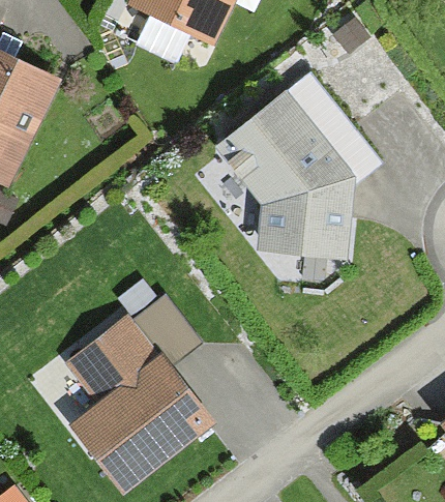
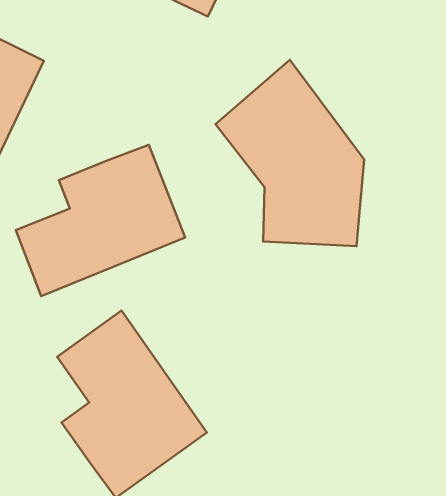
building: none -> [16,145,185,296]

